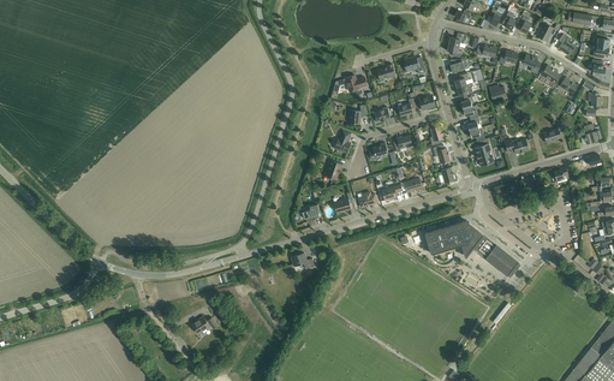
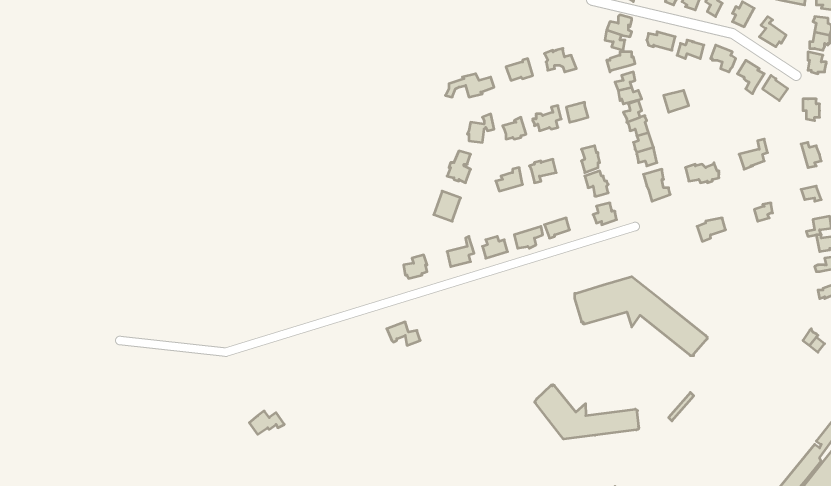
building: none -> [535,385,639,439]

